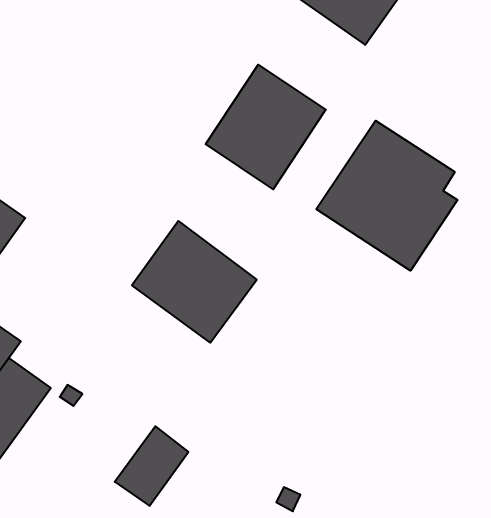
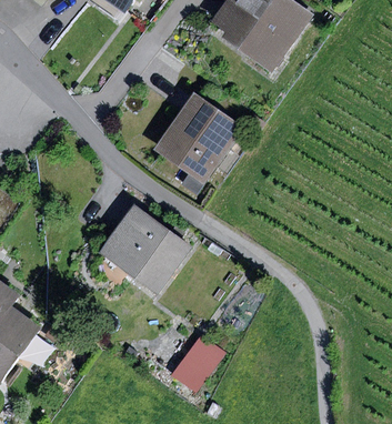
building: [316,121,457,271] -> none
building: [115,426,188,506] -> [171,332,225,391]

